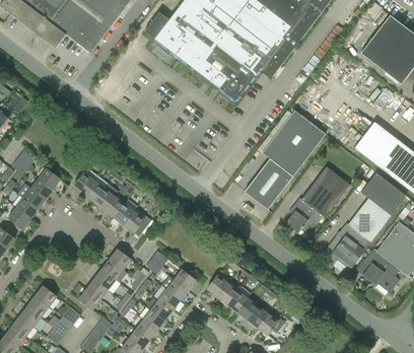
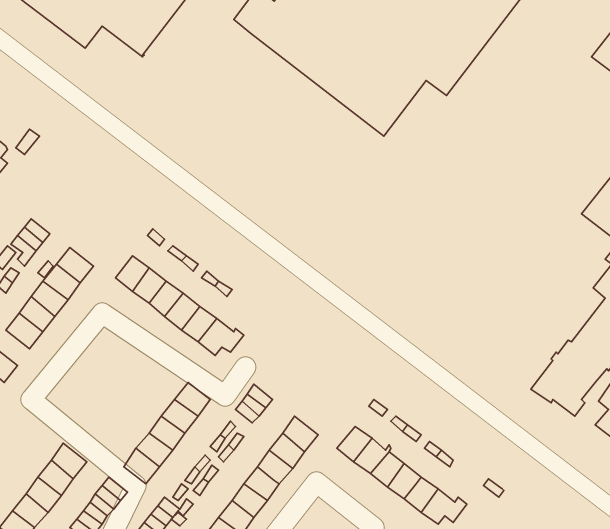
building: [245,110,326,209] -> none
building: [285,166,350,234] -> none

